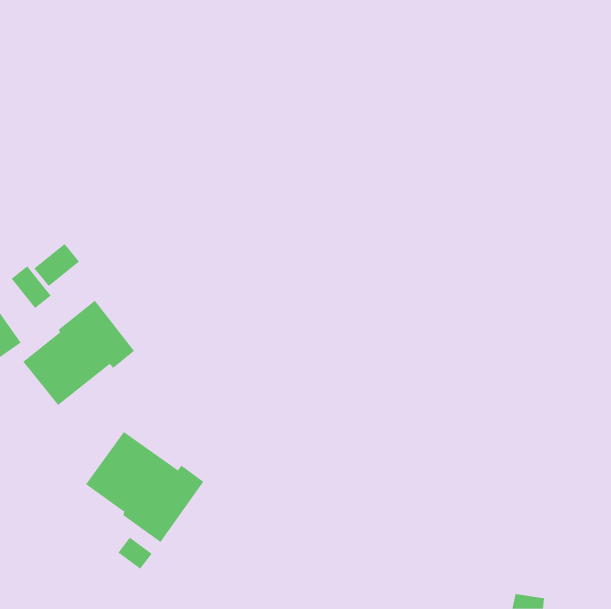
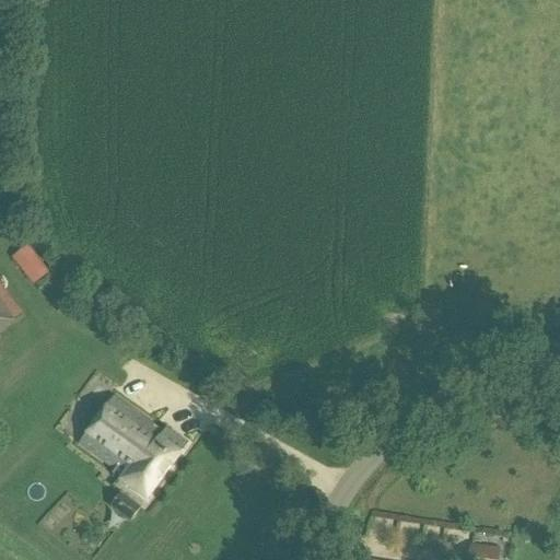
building: [33,243,80,287] -> none
building: [23,300,135,406] -> none

